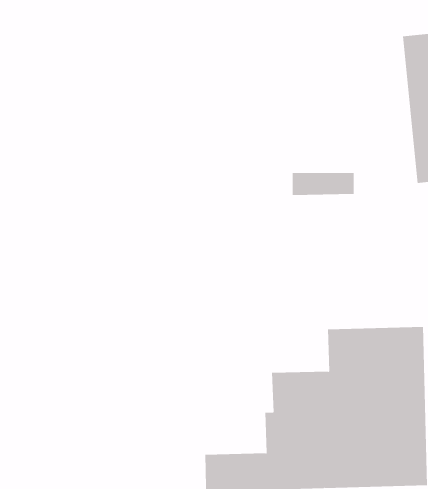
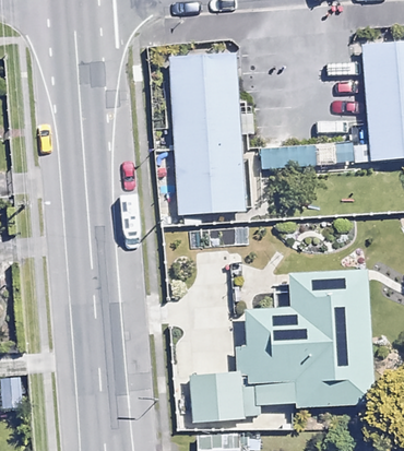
building: none -> [165,52,239,207]

